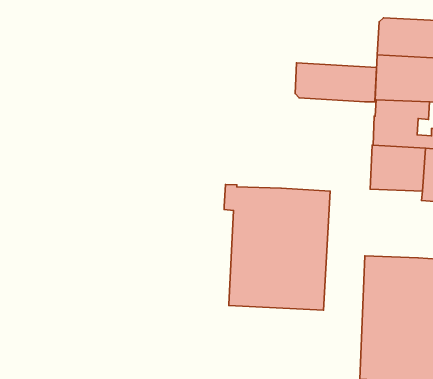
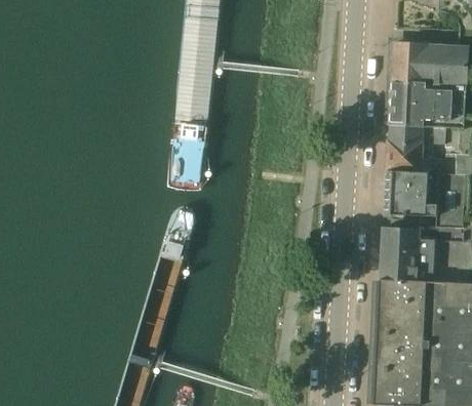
building: [295,63,377,102] -> none
building: [224,185,330,310] -> none
building: none -> [380,226,434,282]

